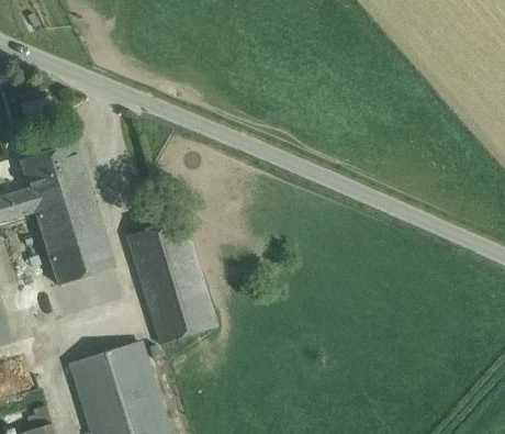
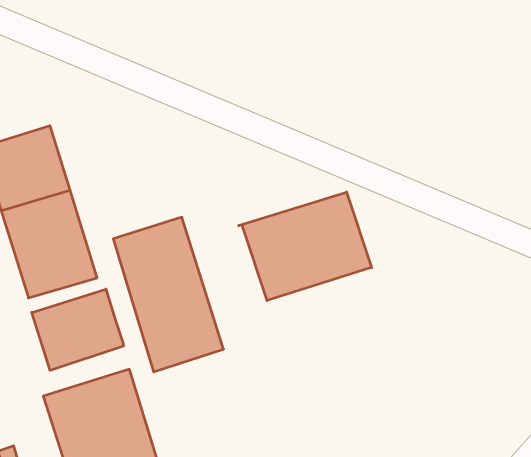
building: none -> [239,192,372,301]
building: none -> [32,289,123,370]

